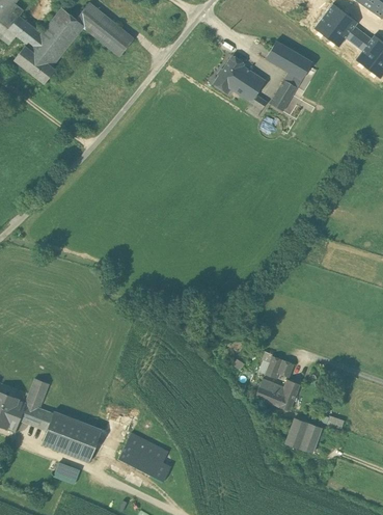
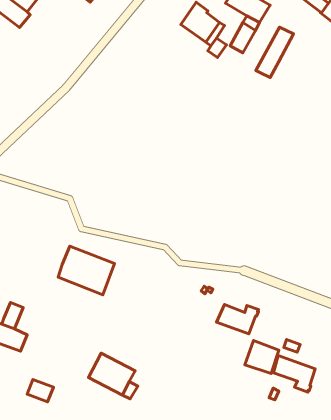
building: none -> [256,27,294,77]
building: [259,356,295,378] -> none
building: [42,409,102,461] -> [58,246,115,295]
building: none -> [274,355,315,392]

